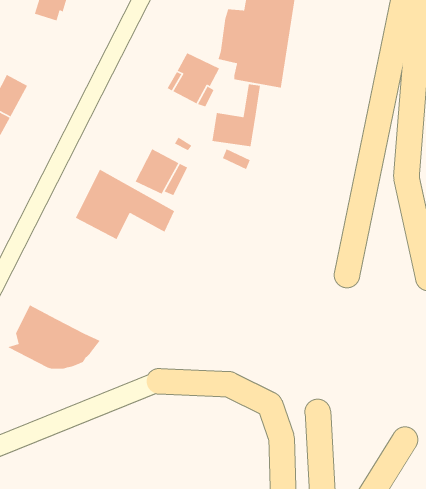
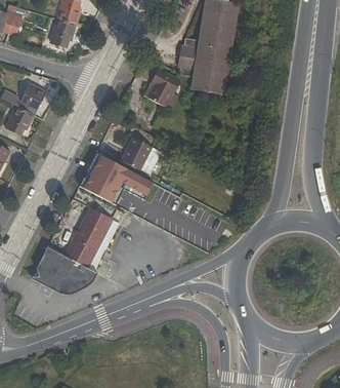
building: [212,83,261,147] -> none
building: none -> [67,208,111,267]

